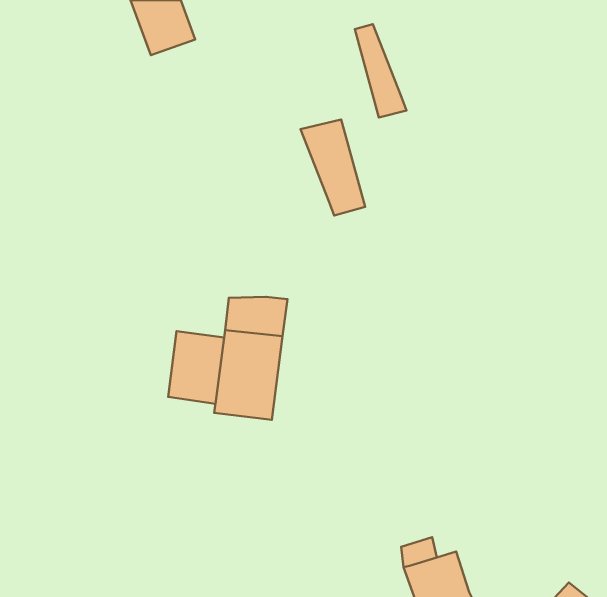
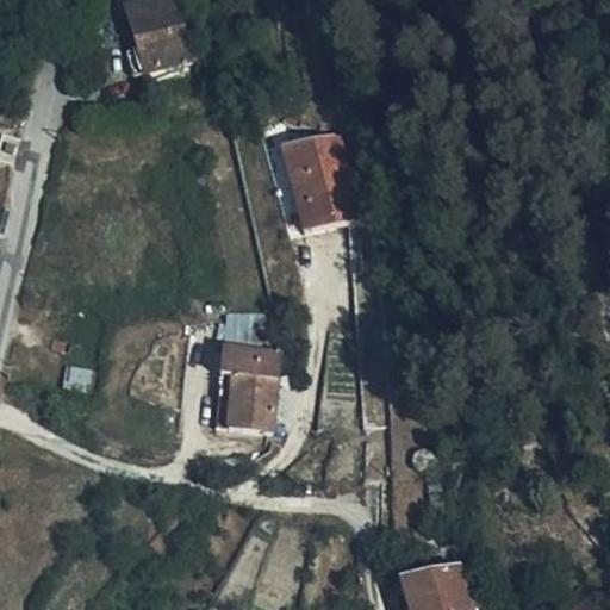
building: [355,24,406,118] -> [281,143,332,236]
building: [168,331,224,404] -> none

